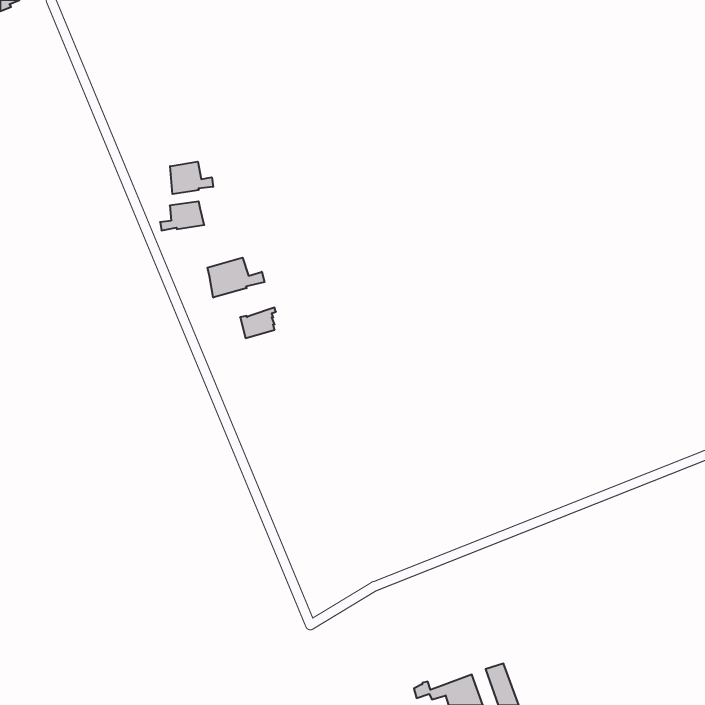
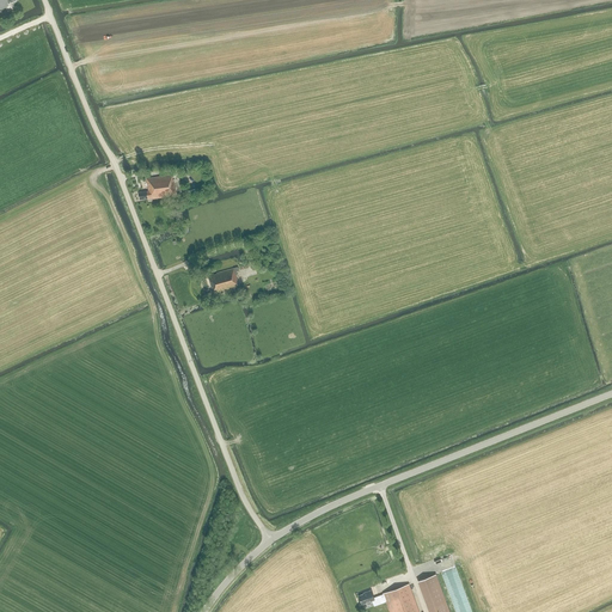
building: [170,162,213,194] -> none
building: [207,258,265,298] -> none

